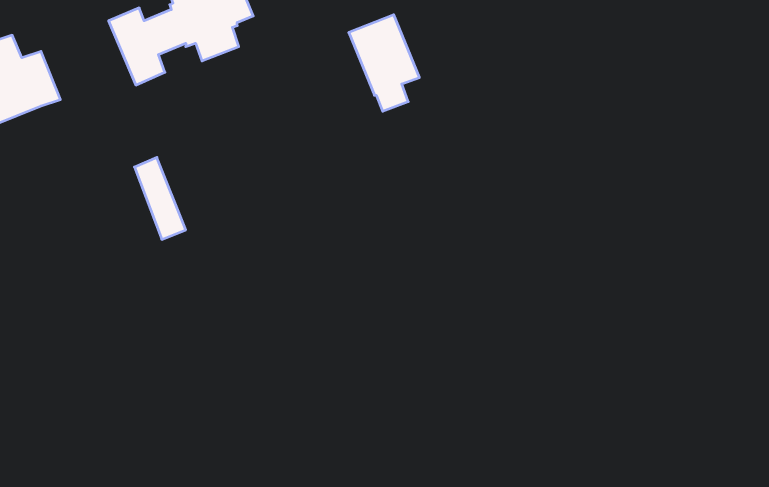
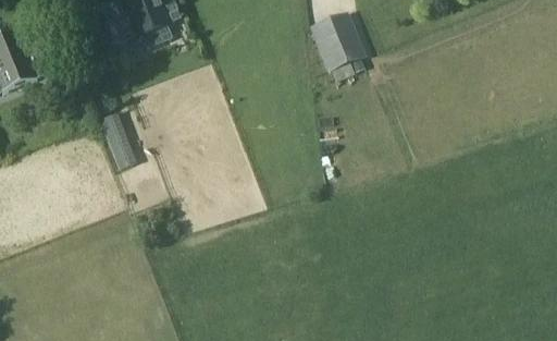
building: [349,15,419,111] -> [313,14,361,80]

